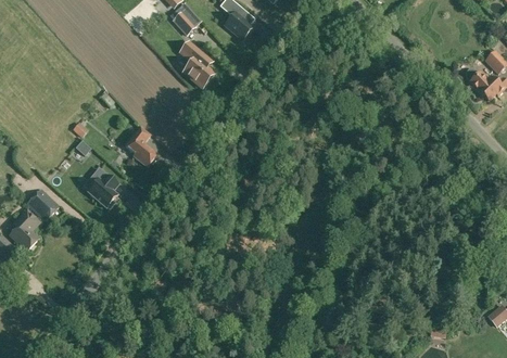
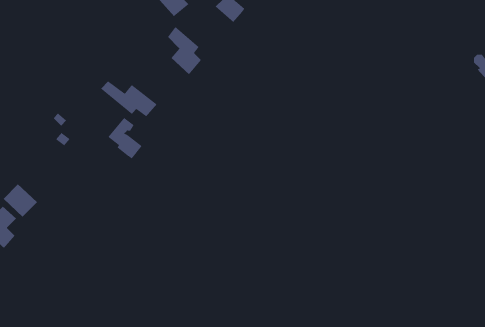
building: none -> [100,80,157,117]
building: [88,168,118,208] -> none

